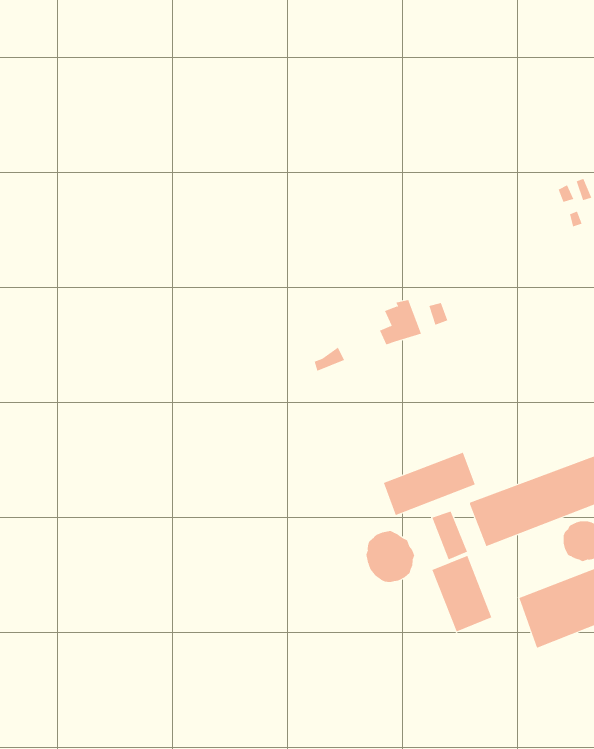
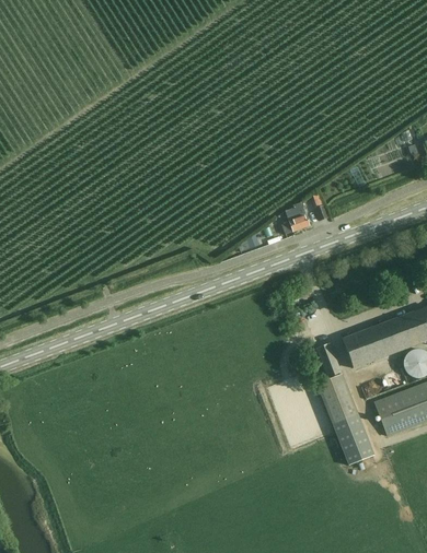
building: [383,452,475,516] -> none
building: [366,530,415,583] -> none
building: none -> [334,414,376,466]

